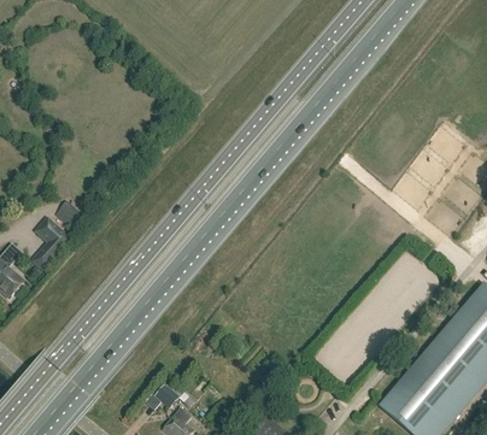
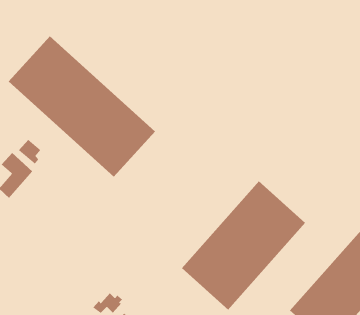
building: none -> [8,36,156,177]
building: none -> [181,181,306,311]

